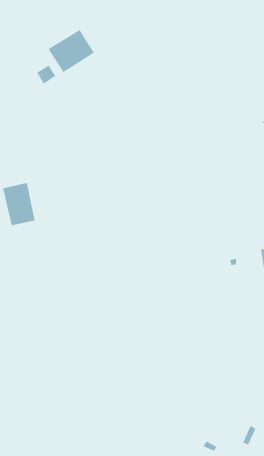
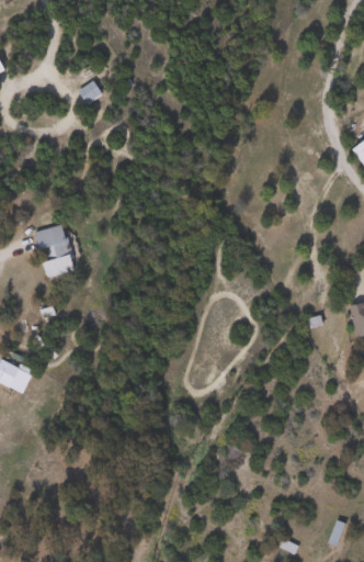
building: [48,29,95,73] -> none

